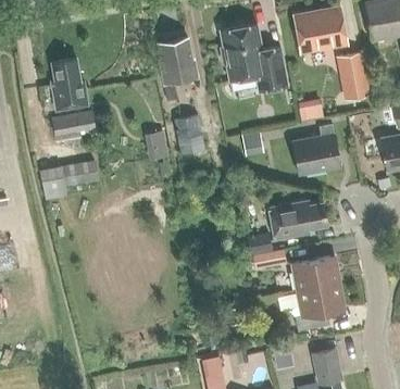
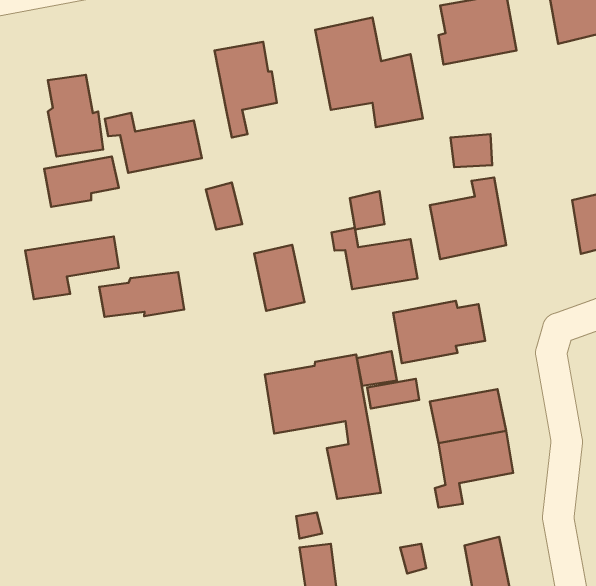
building: [335,51,370,99] -> none
building: none -> [105,113,202,173]
building: [172,114,203,155] -> [254,245,304,311]
building: none -> [332,228,417,289]
building: none -> [99,272,184,317]
building: none -> [265,355,381,499]

